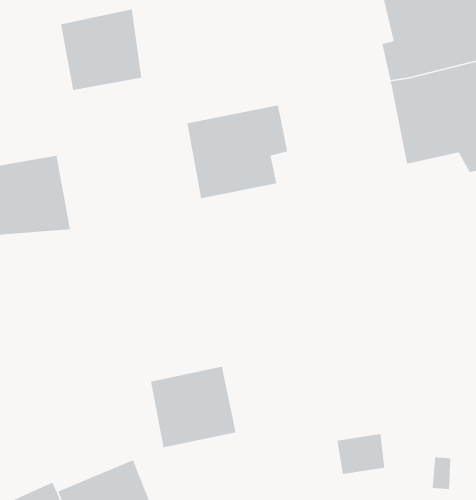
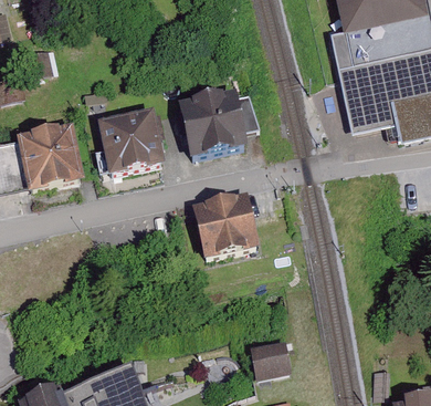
building: [60,9,142,91] -> [97,107,162,173]
building: [150,366,236,448] -> [191,194,260,259]
building: [337,433,385,475] -> [250,340,288,373]

